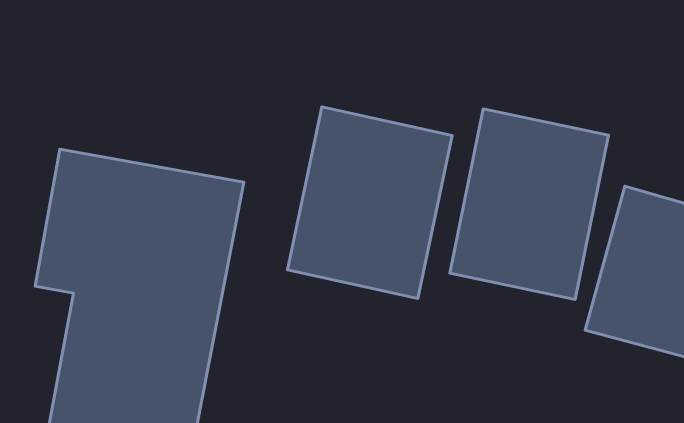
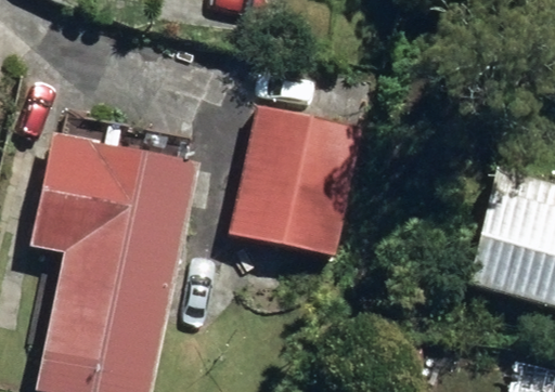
building: [450,109,609,300] -> none

